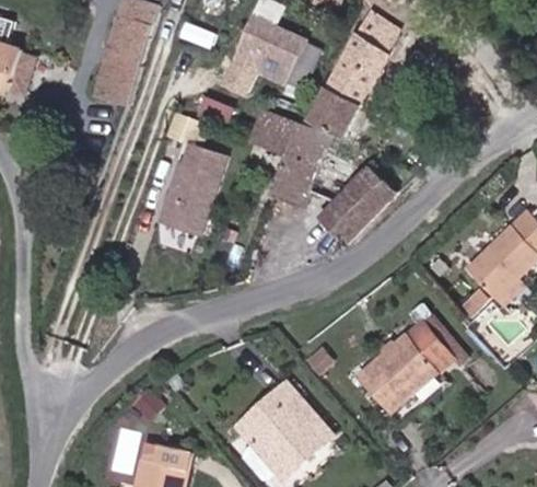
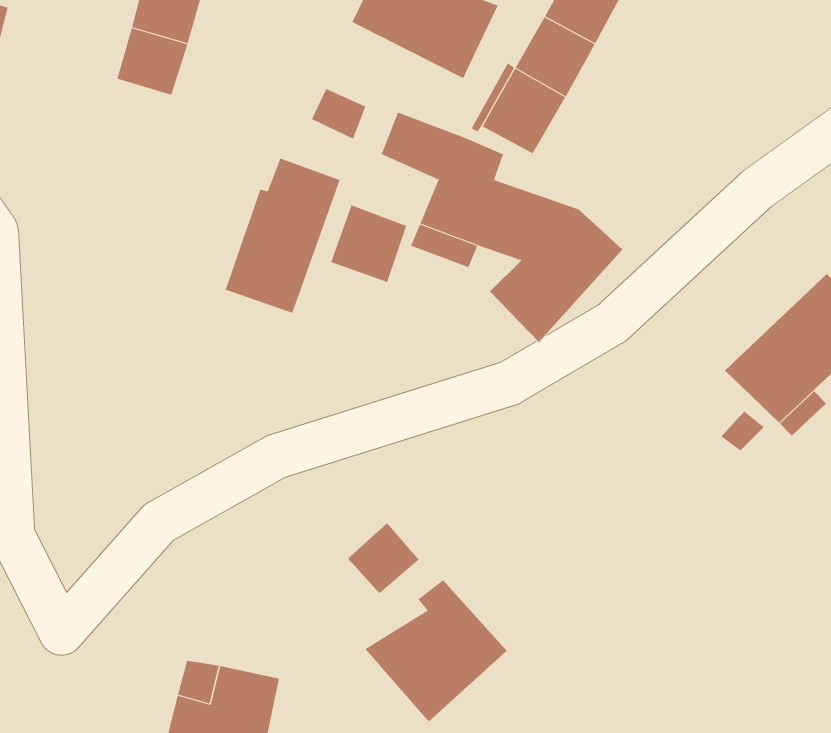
building: none -> [331,204,407,283]
building: [358,316,458,414] -> none
building: none -> [347,523,420,594]

